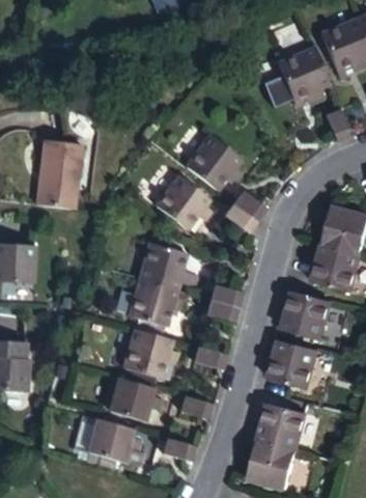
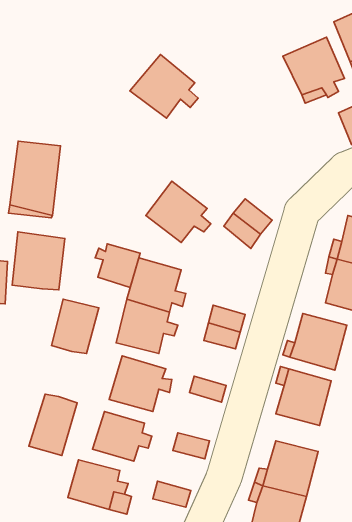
building: [185,134,245,190] -> [130,54,198,118]
building: none -> [12,232,65,290]
building: none -> [95,244,140,287]
building: none -> [51,299,99,354]
building: none -> [29,394,77,455]

